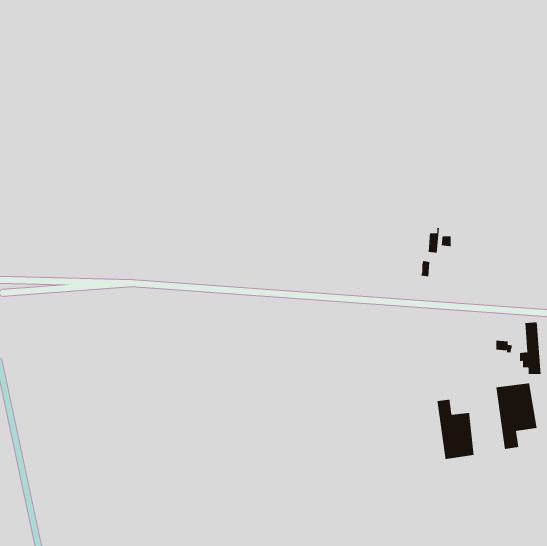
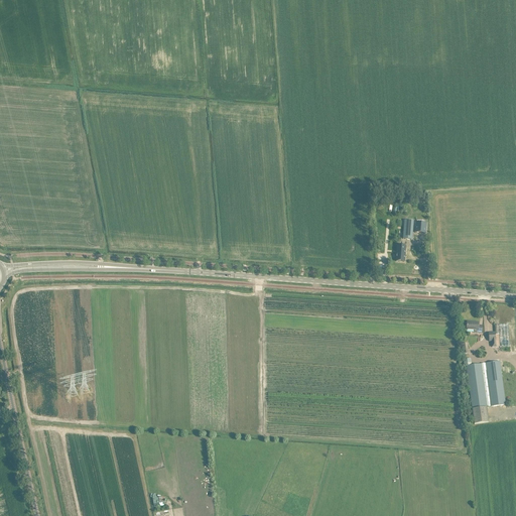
building: [437,399,474,460] -> none

